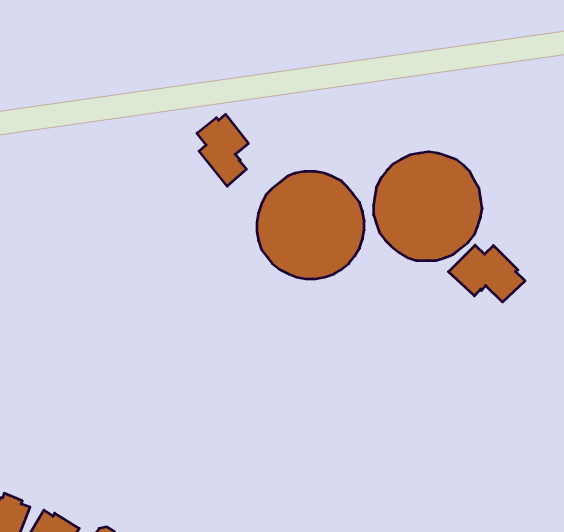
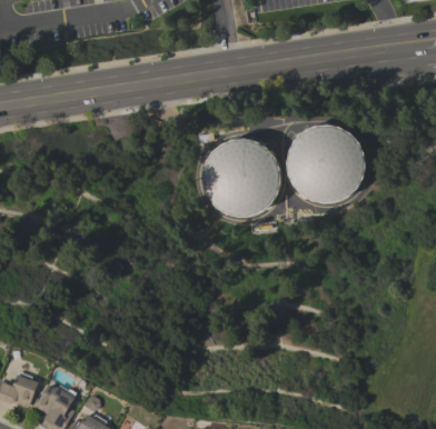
building: [197,114,248,186] -> none
building: [448,245,525,302] -> none

